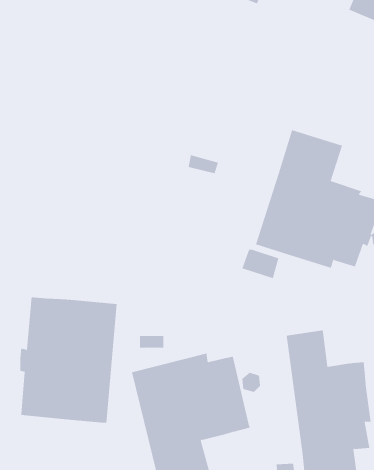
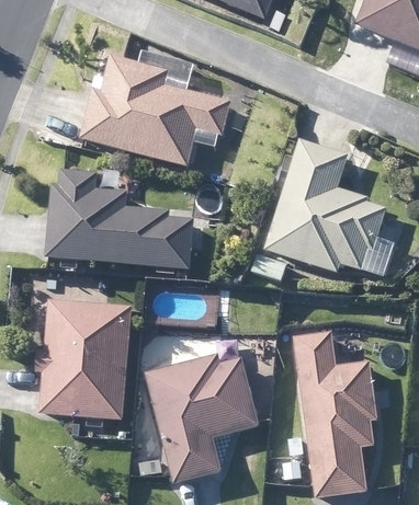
building: none -> [81,56,231,167]
building: none -> [45,170,194,269]

